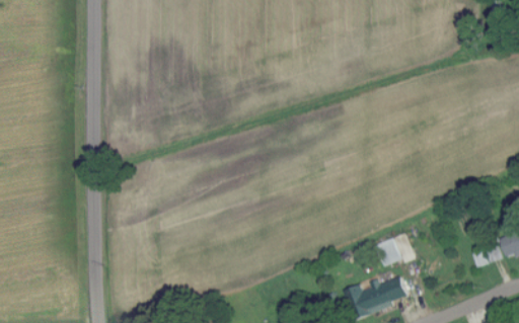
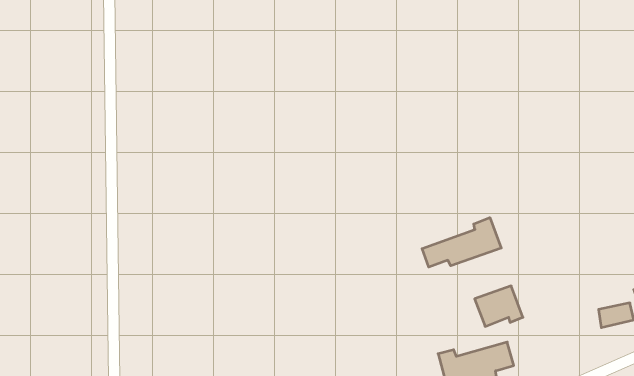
building: none -> [422,218,501,267]

